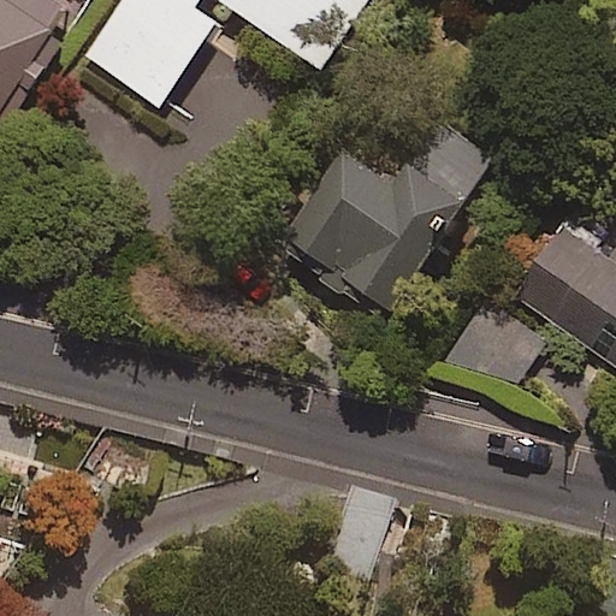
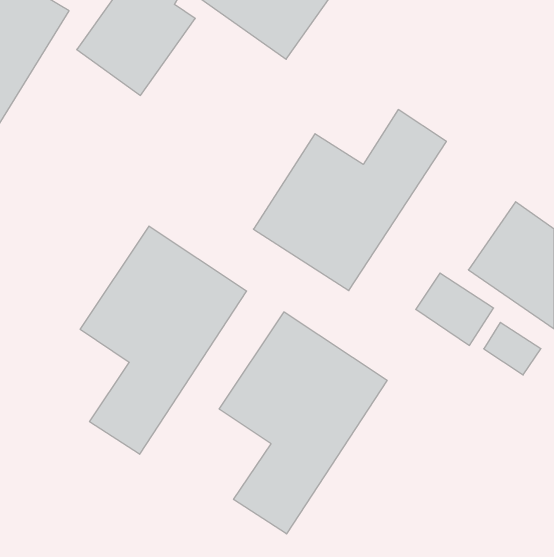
building: none -> [80,226,247,454]
building: none -> [219,312,387,534]

